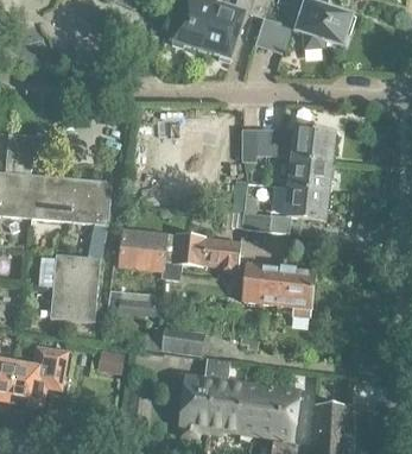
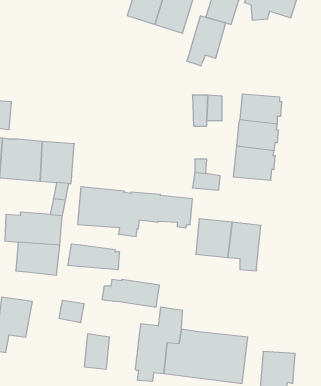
building: none -> [187,16,226,66]

